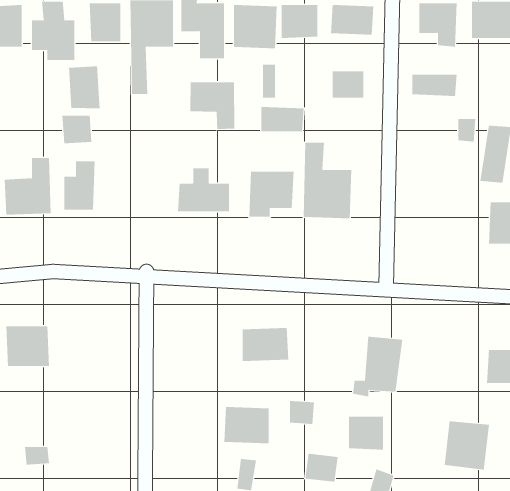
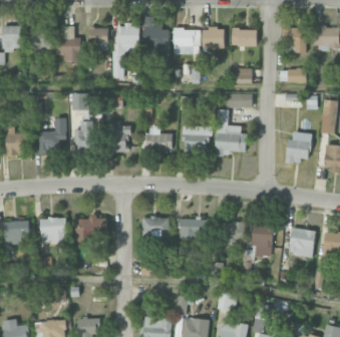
building: [68,66,100,109] -> none
building: [190,81,235,130] -> none
building: [260,106,305,132] -> [226,92,252,107]
building: none -> [110,121,128,151]
building: none -> [286,131,311,162]
building: none -> [75,217,106,240]
building: [224,407,269,444] -> [141,217,168,239]
building: [348,416,384,450] -> [223,222,244,242]
building: [444,421,490,470] -> [288,228,315,257]

